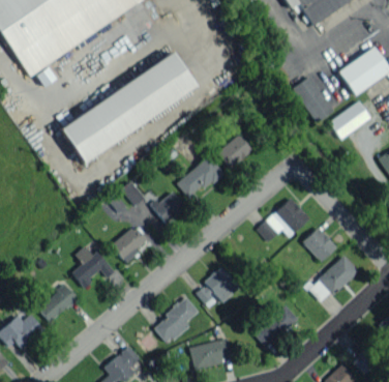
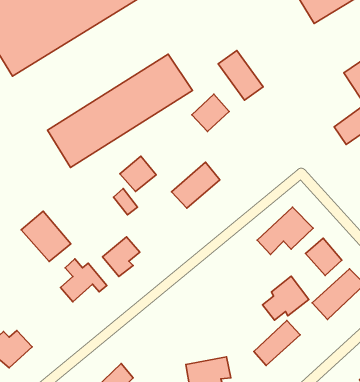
building: [293,76,335,122] -> [218,51,263,100]
building: [217,134,252,169] -> [192,94,229,131]
building: [152,189,186,223] -> [120,156,156,191]
building: none -> [21,211,71,261]
building: [197,266,240,307] -> [263,276,309,320]
building: [38,285,79,322] -> none
building: [154,297,199,344] -> none

